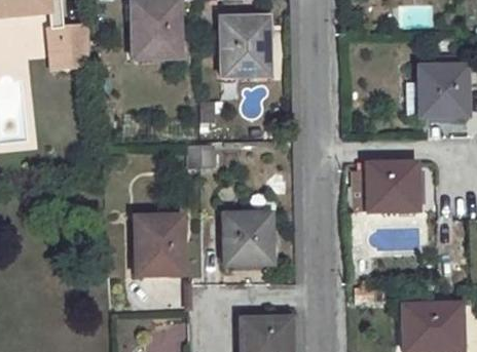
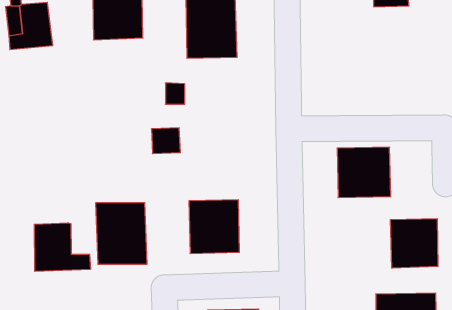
building: [405,55,467,116] -> none
building: none -> [390,219,438,268]
building: none -> [34,223,90,271]

